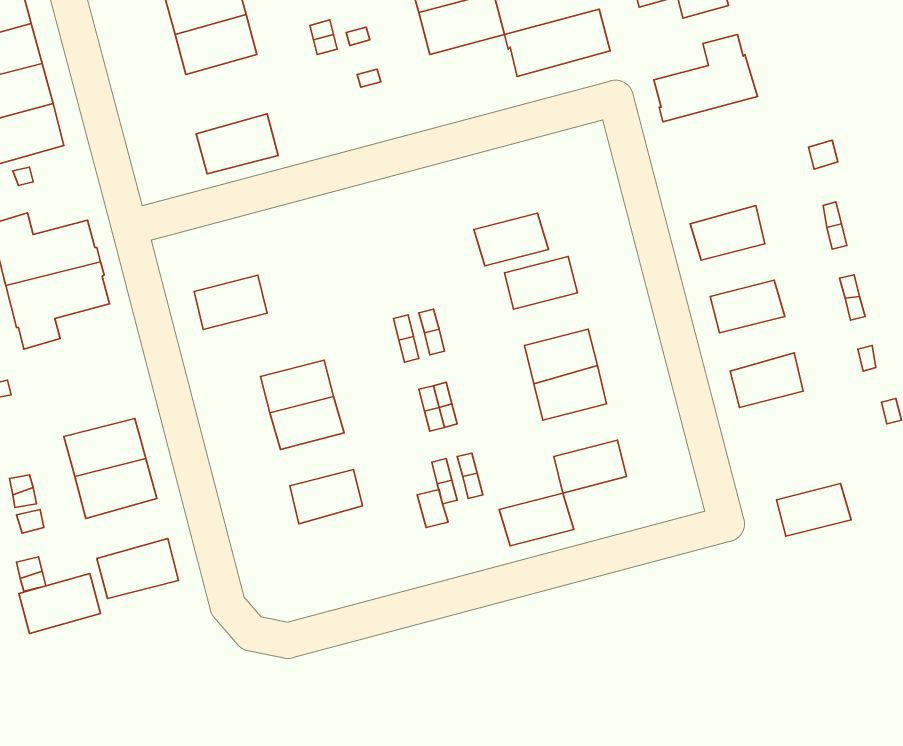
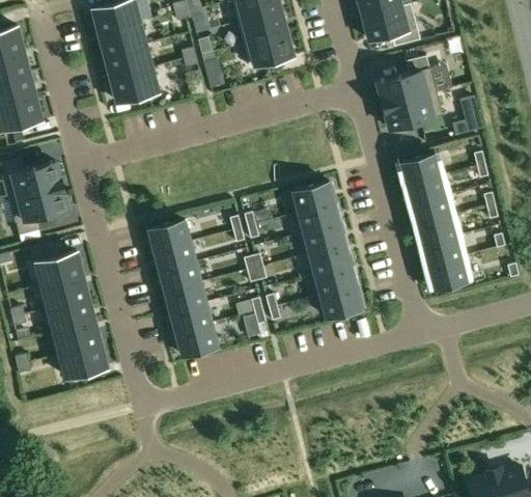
building: [505,9,610,76] -> [383,91,443,130]
building: [196,114,278,174] -> [111,67,158,102]
building: [474,213,549,266] -> [298,203,340,233]
building: none -> [404,175,446,205]
building: [194,275,267,330] -> [148,220,190,251]
building: none -> [415,217,457,248]
building: none -> [35,251,82,285]
building: none -> [165,283,206,313]
building: [777,483,851,536] -> [426,259,469,289]
building: [499,493,574,546] -> [314,267,357,297]
building: none -> [175,325,218,356]
building: [19,573,101,633] -> [54,321,101,355]

